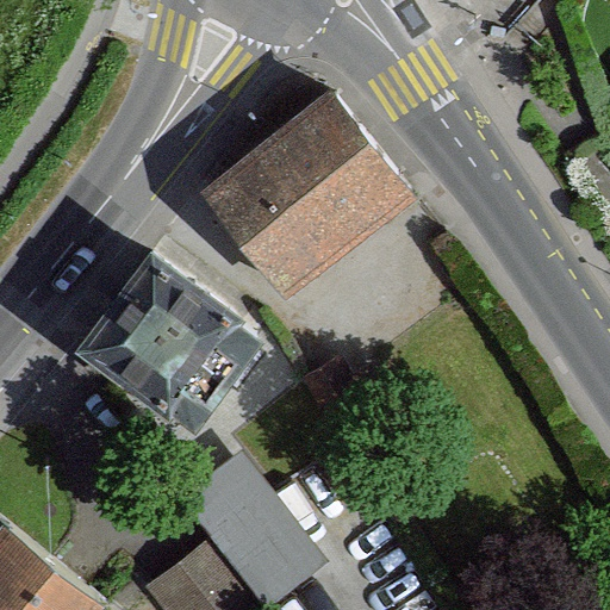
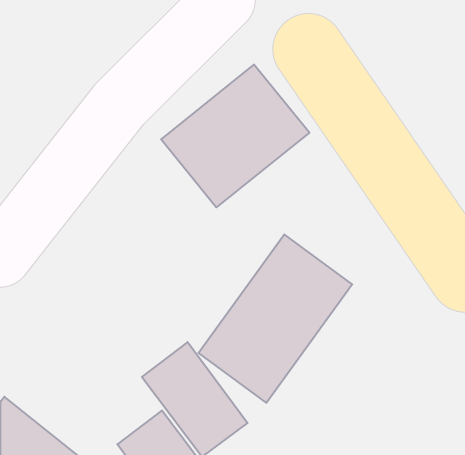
building: [75,248,262,430] -> none
building: none -> [198,234,352,403]

